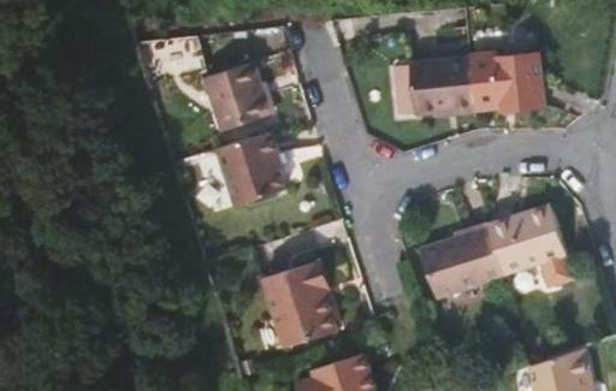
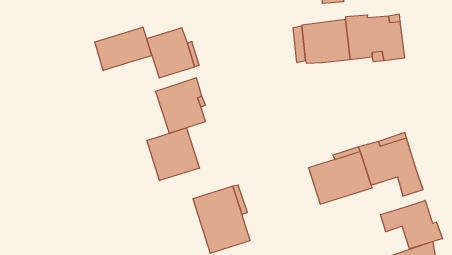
building: none -> [95,27,151,71]
building: none -> [147,128,199,181]
building: none -> [381,200,443,249]

